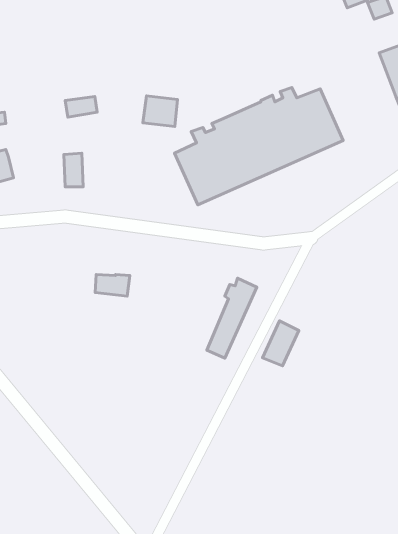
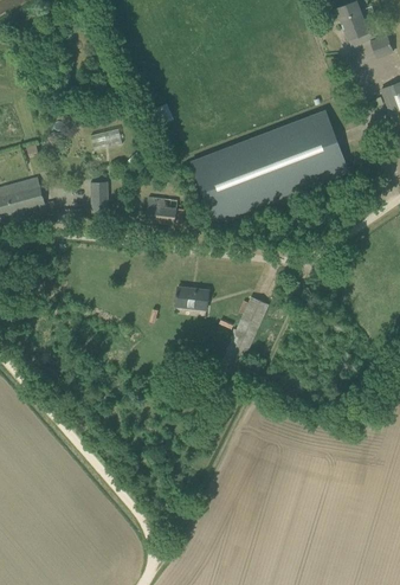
building: [143,96,177,127] -> [146,194,178,223]
building: [95,274,130,296] -> [176,287,208,307]
building: [263,321,299,366] -> none

